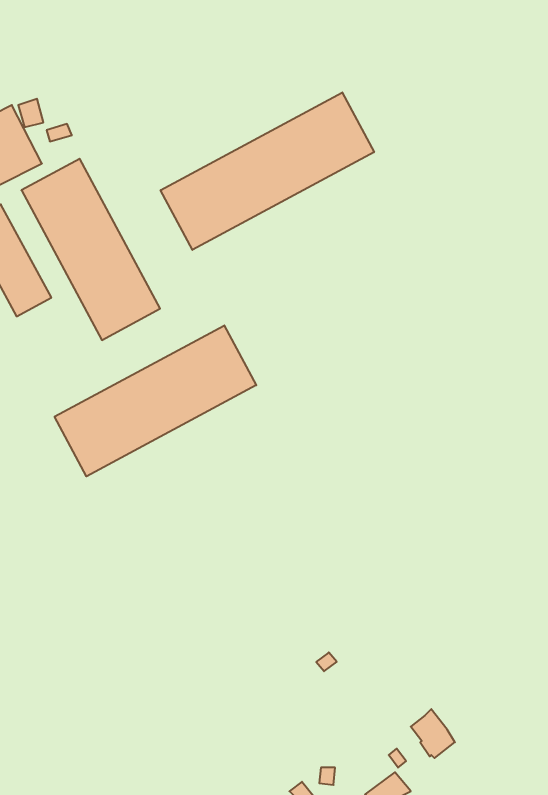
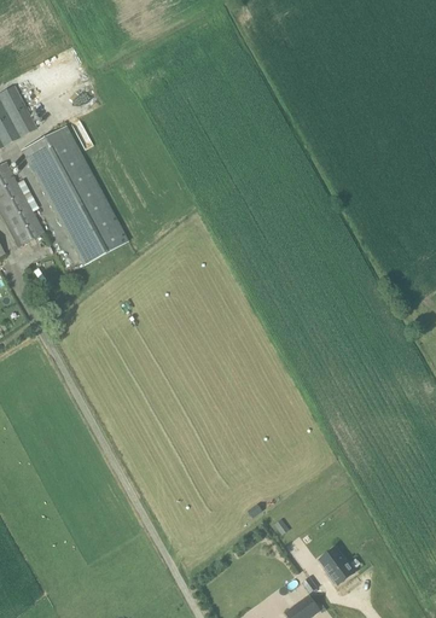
building: [161,92,374,250] -> none
building: [55,325,256,476] -> none

